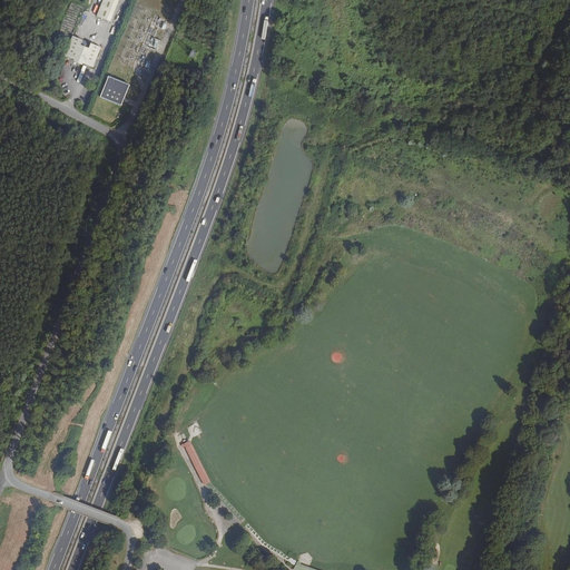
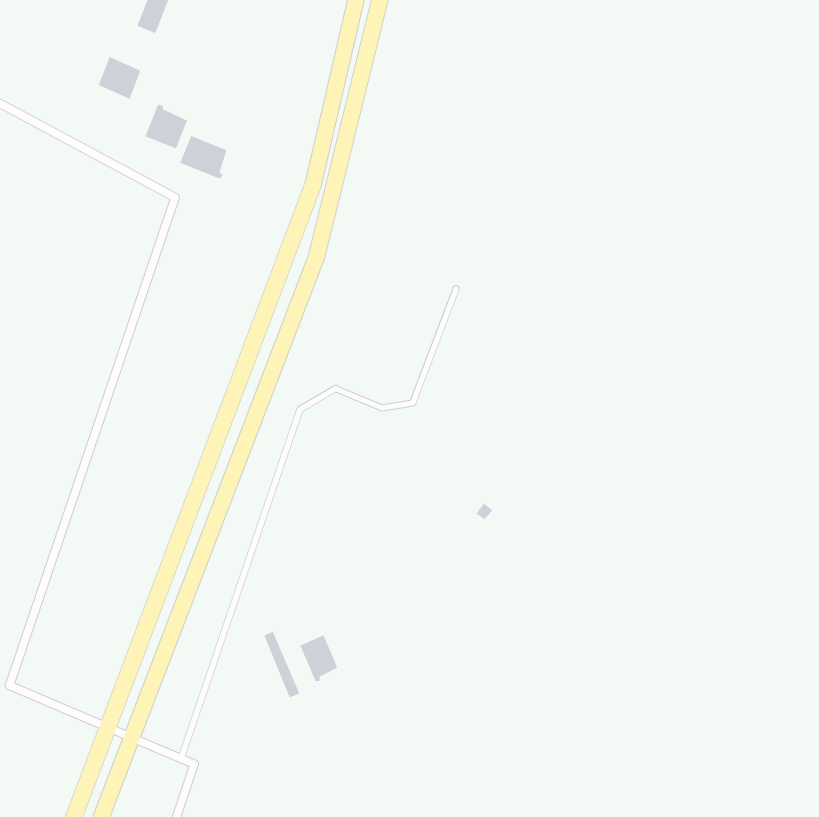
building: none -> [179,135,227,180]
building: none -> [299,635,338,682]

